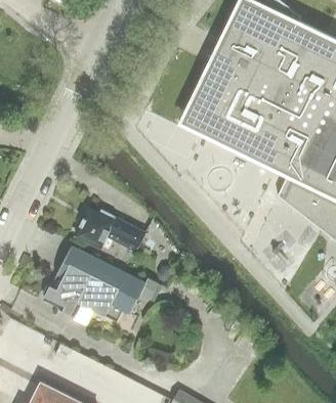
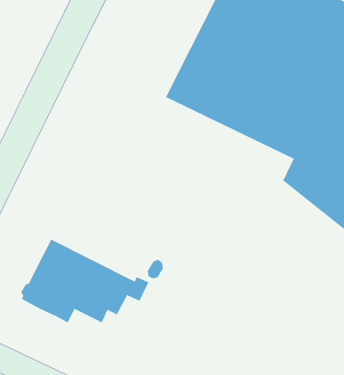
building: [77,210,146,253] -> none

